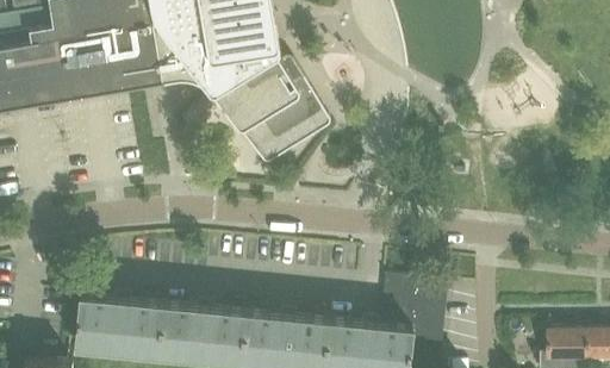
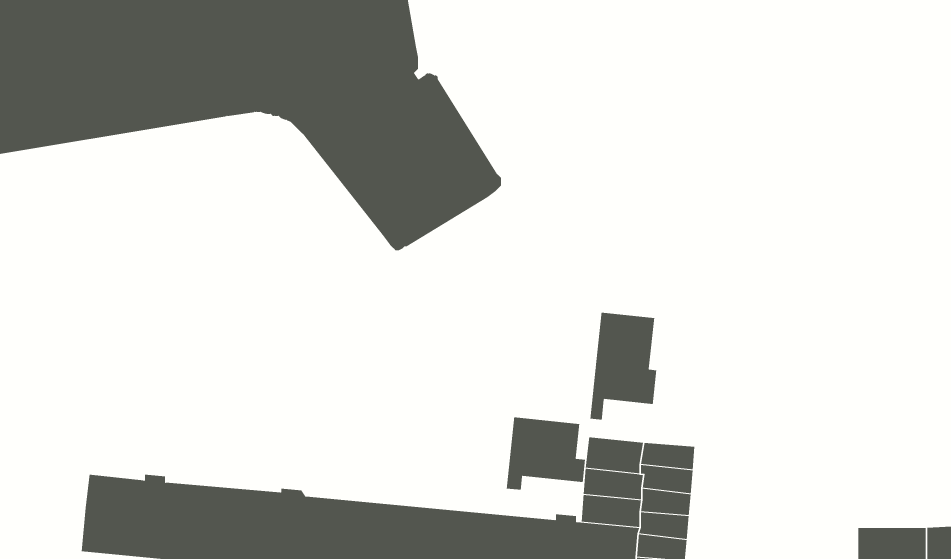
building: none -> [590,312,657,420]
building: none -> [506,417,586,491]

